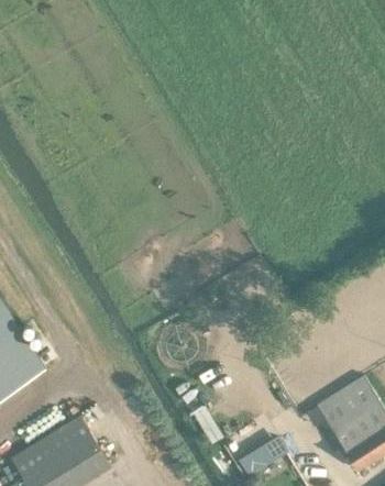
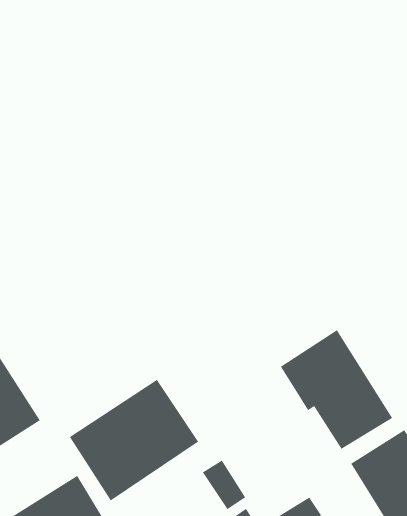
building: none -> [280,329,393,450]
building: none -> [69,379,199,501]

